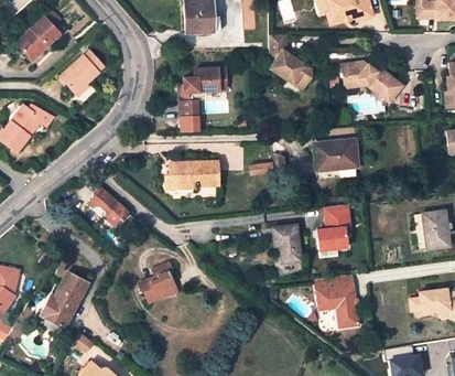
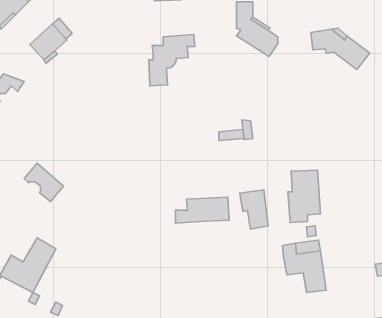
building: [314,139,357,170] -> none
building: [164,161,218,187] -> [175,197,229,223]
building: [89,187,129,226] -> [24,163,64,201]
building: [138,262,176,303] -> none

